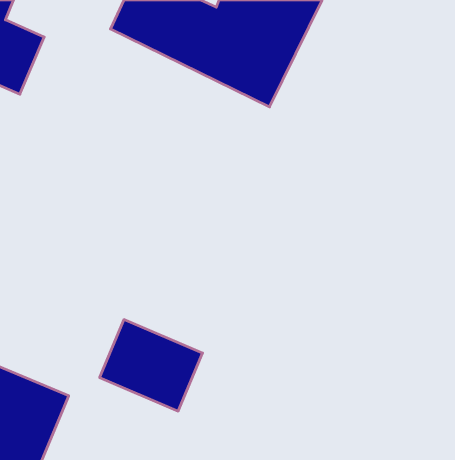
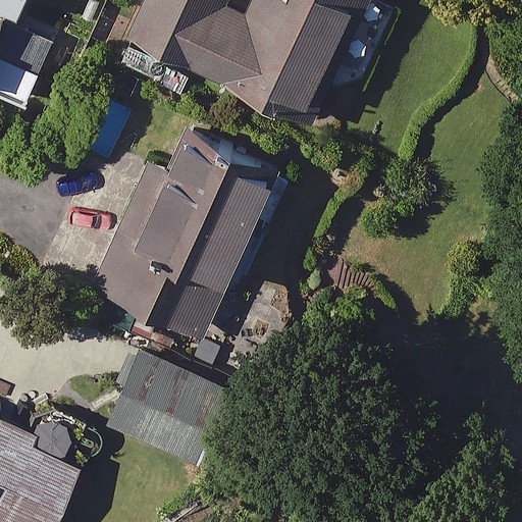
building: none -> [93,135,276,340]

